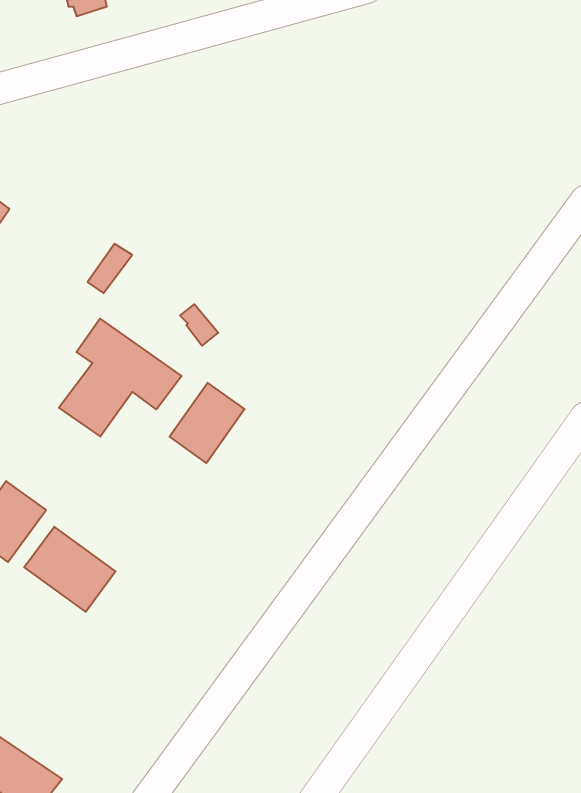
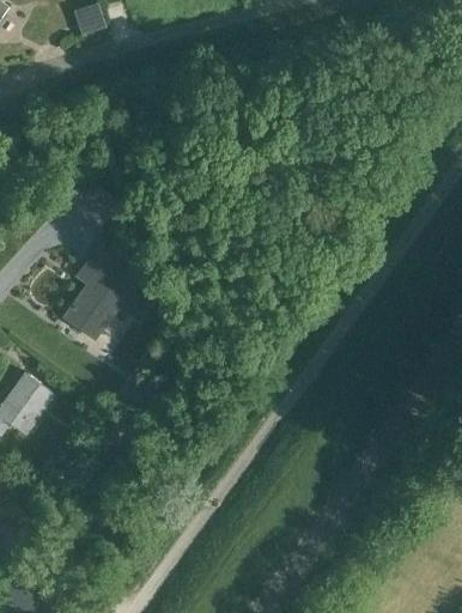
building: [170,383,245,463] -> none
building: [24,527,116,612] -> none

